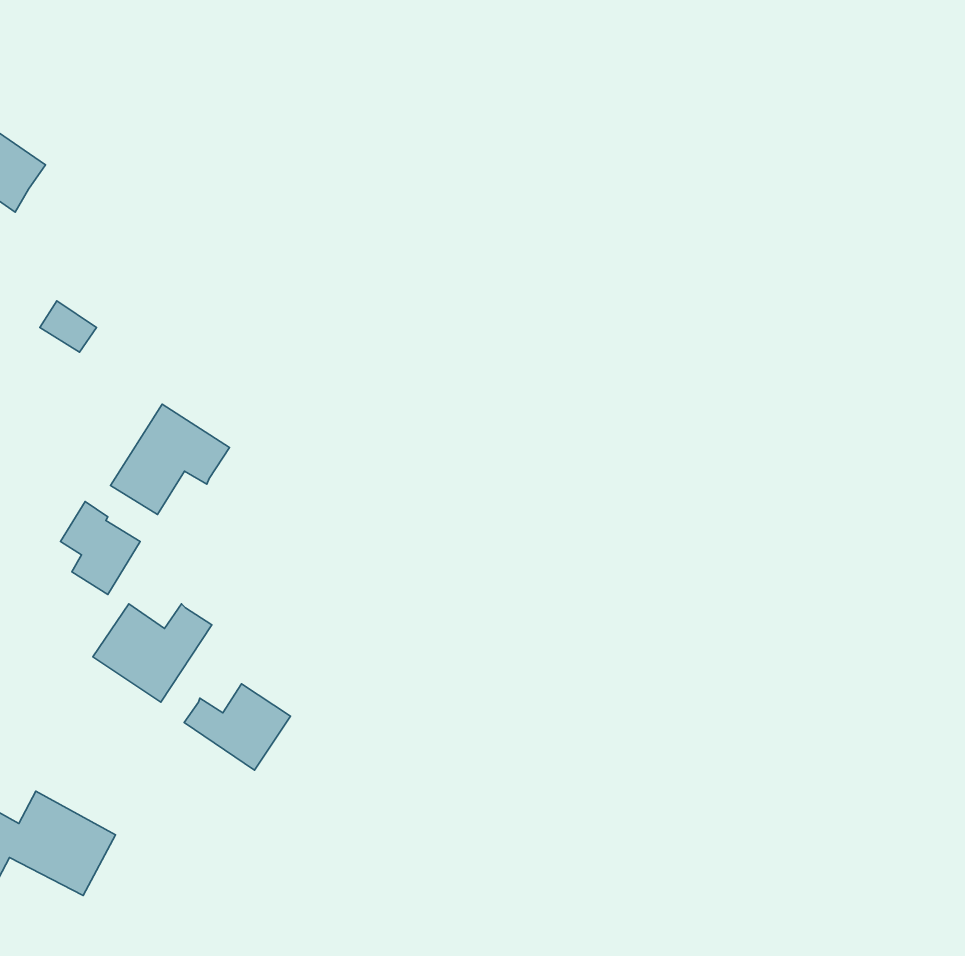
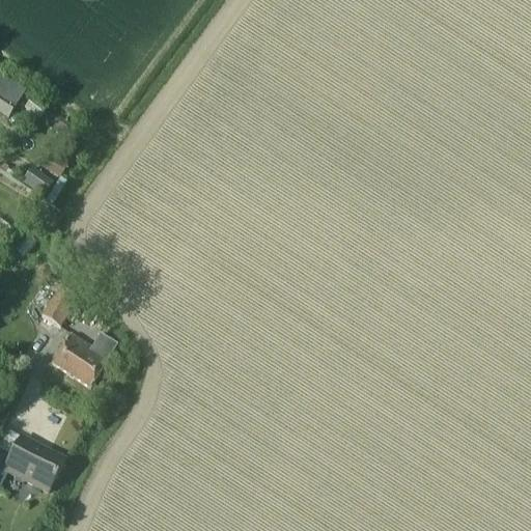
building: [111,404,229,515] -> none
building: [184,684,291,770] -> none

